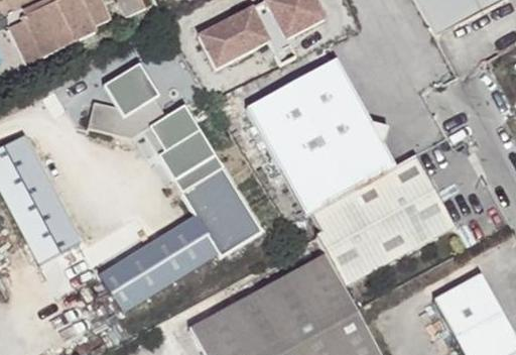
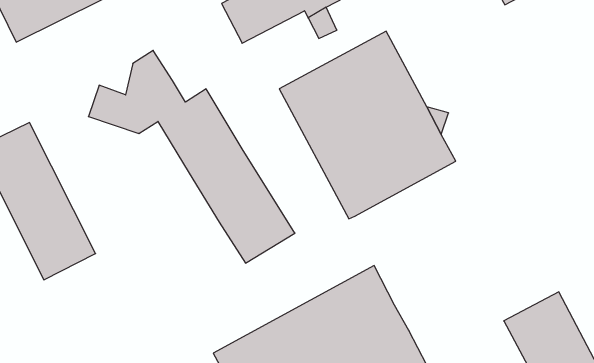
building: [309,155,453,286] -> none
building: [100,217,220,315] -> none

